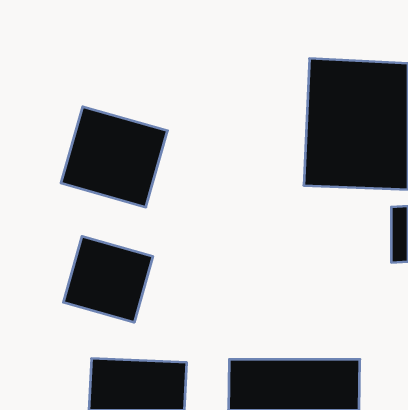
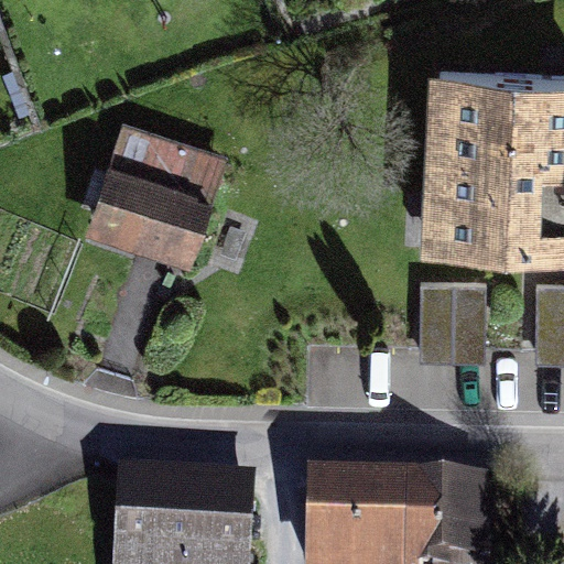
building: none -> [422,283,484,358]
building: [63,236,153,322] -> none

